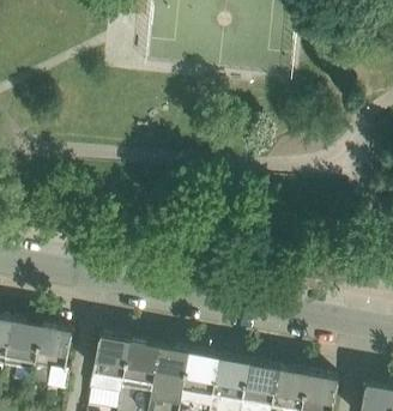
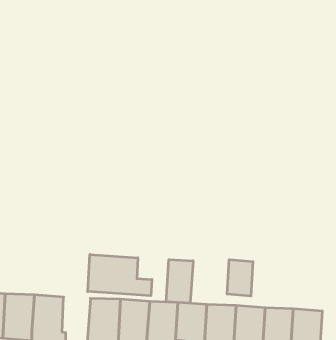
building: none -> [88,254,152,296]
building: none -> [166,260,193,303]
building: none -> [227,260,253,296]

